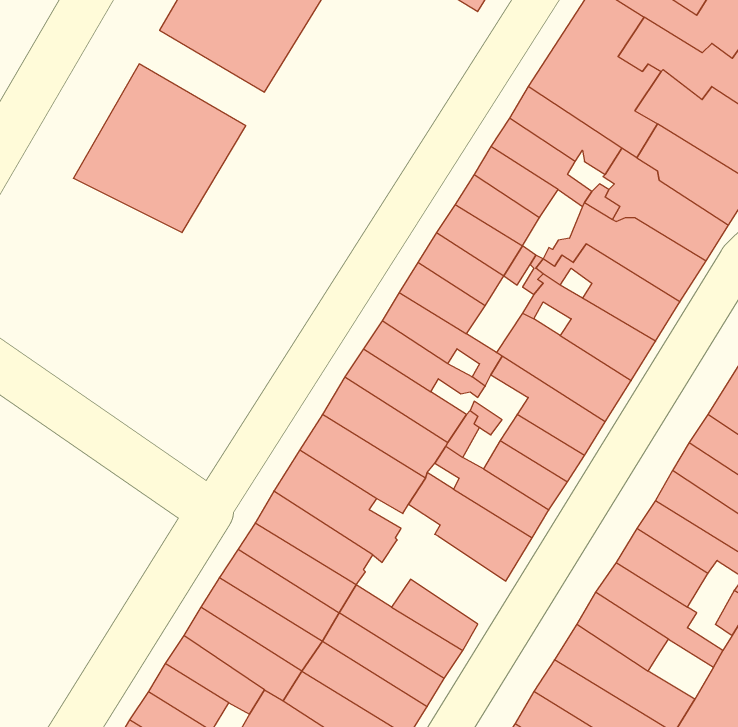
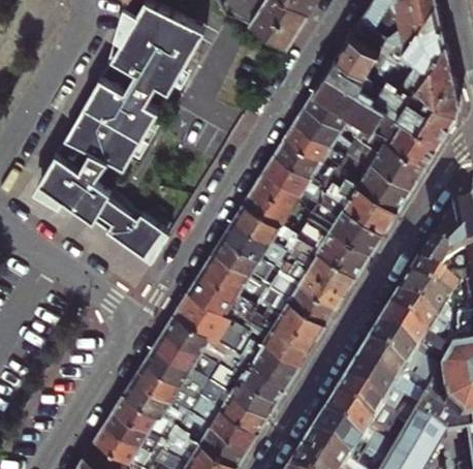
building: none -> [38,155,164,259]
building: none -> [233,335,302,387]

